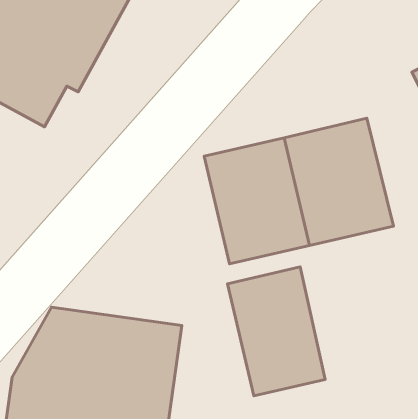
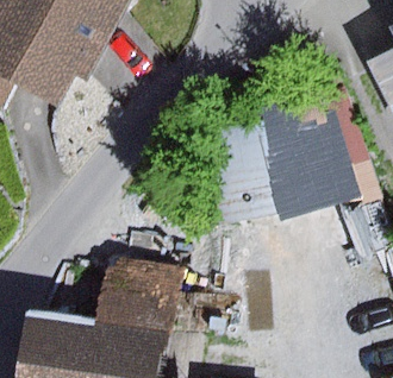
building: [228,267,325,396] -> none

